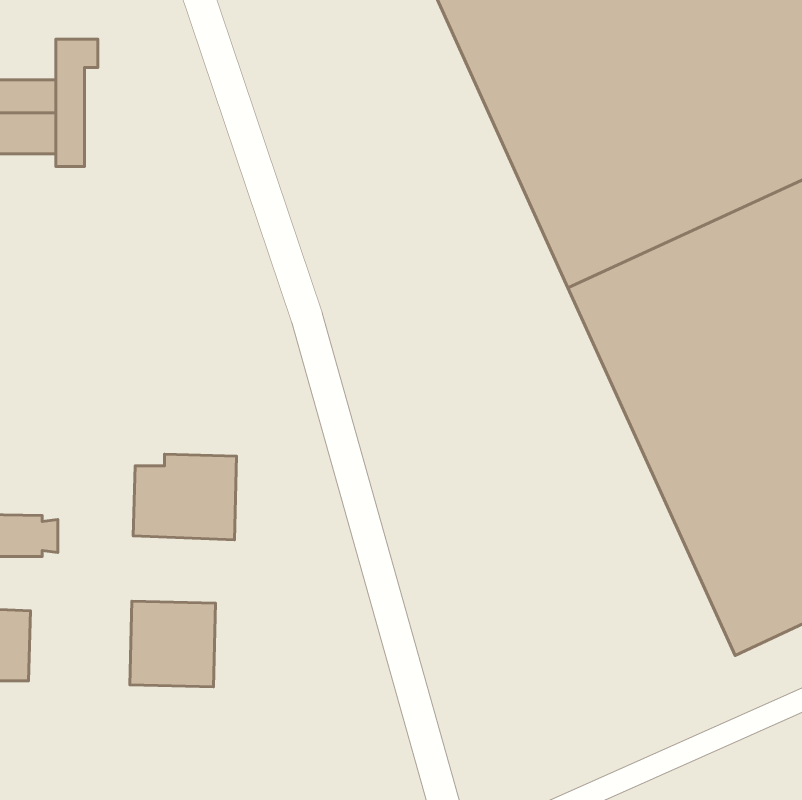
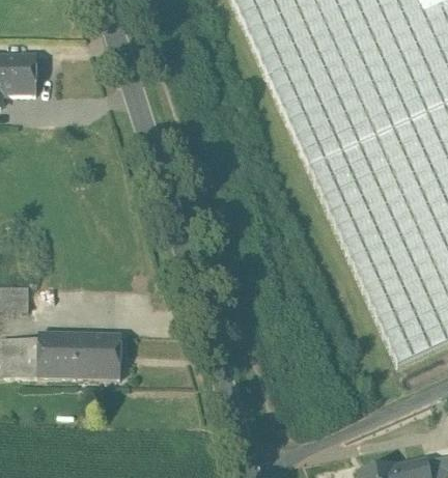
building: [56,39,98,166] -> none
building: [133,454,236,540] -> [23,332,78,377]

